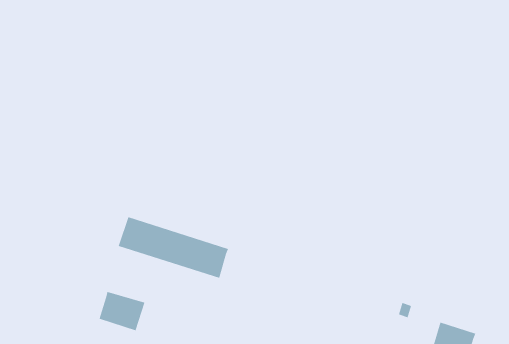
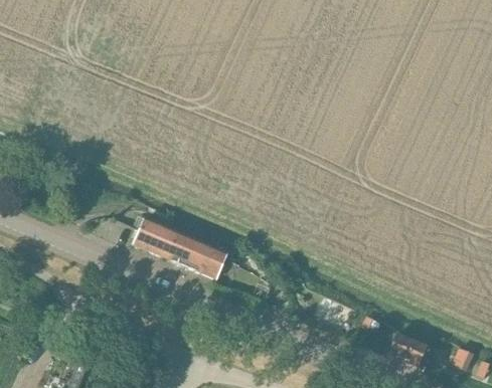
building: [99,291,145,331] -> none

